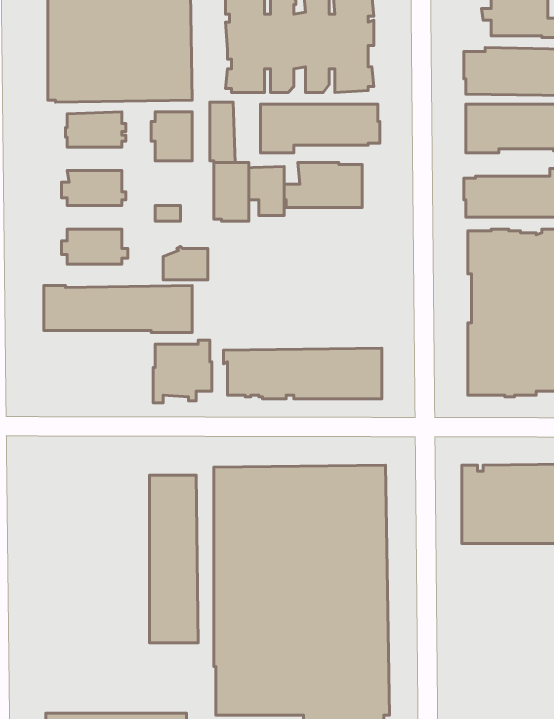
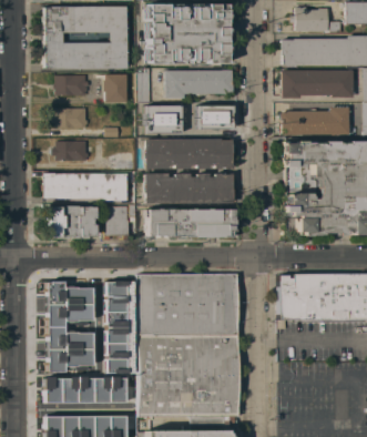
building: none -> [145,139,234,169]
building: none -> [146,173,234,203]
building: none -> [49,205,95,238]
building: none -> [44,280,92,374]
building: none -> [43,378,124,403]

